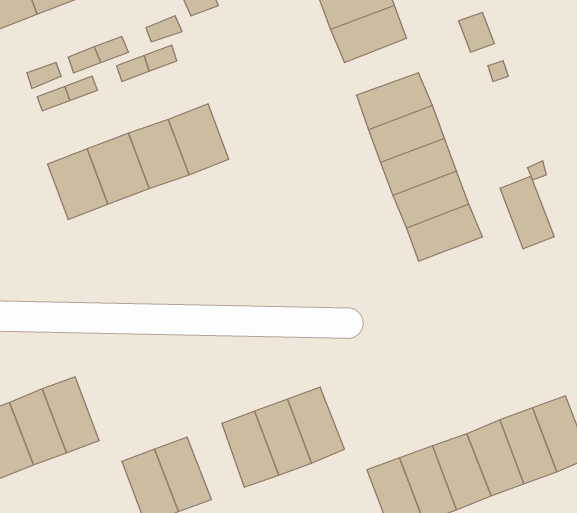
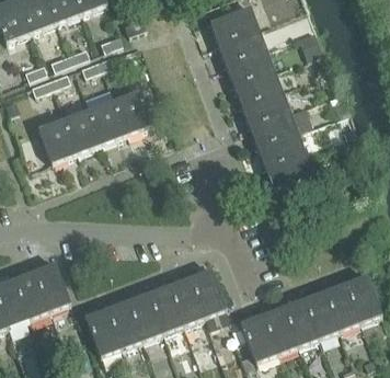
building: none -> [227,47,274,83]
building: [500,176,554,249] -> none
building: none -> [127,291,163,340]

